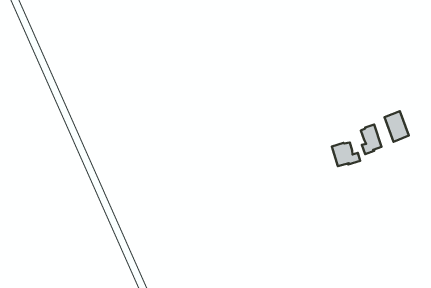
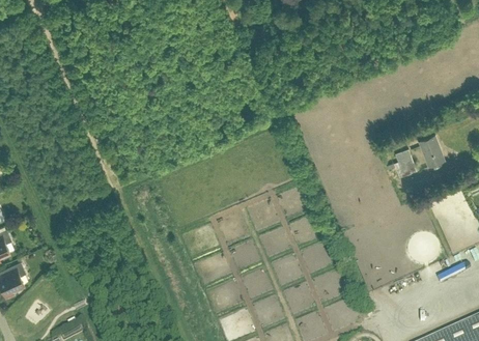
building: [332,142,360,166] -> none

